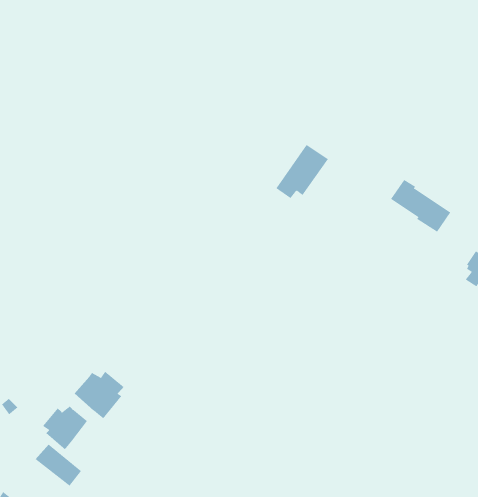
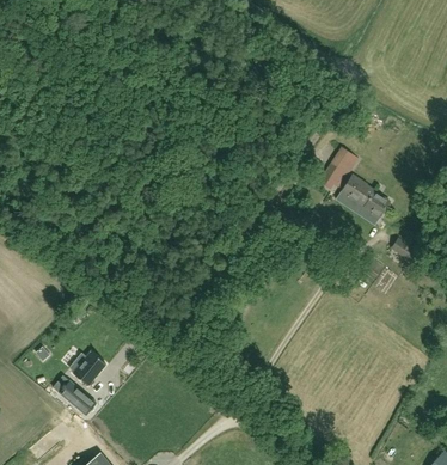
building: [276,144,329,199] -> [318,147,360,190]
building: [74,371,124,419] -> none

